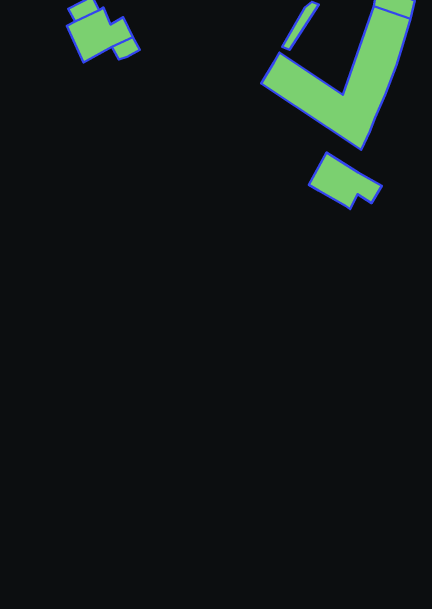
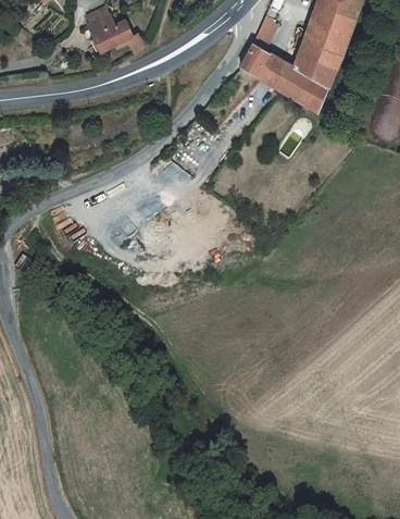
building: [309,152,382,209] -> none

